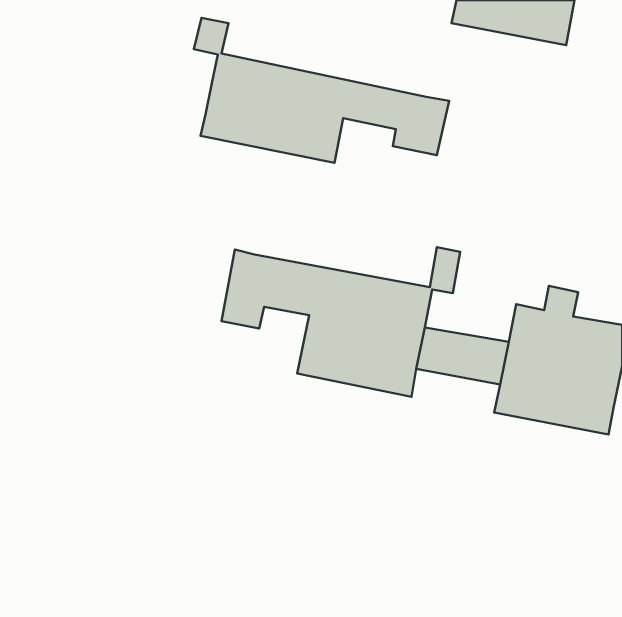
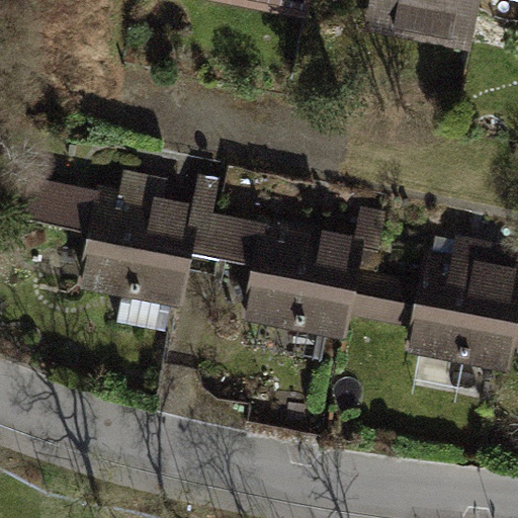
building: [194,18,449,163] -> none
building: none -> [23,177,219,333]

